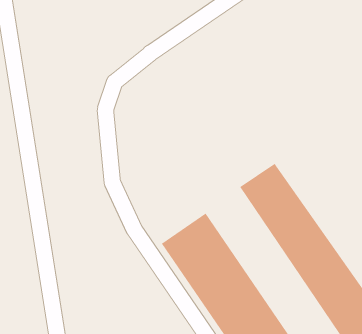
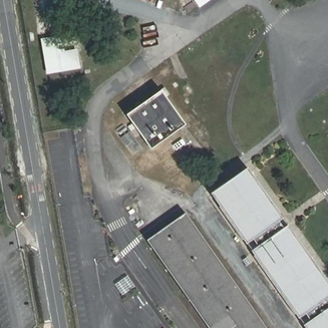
building: none -> [50,45,85,75]
building: none -> [129,96,187,154]

